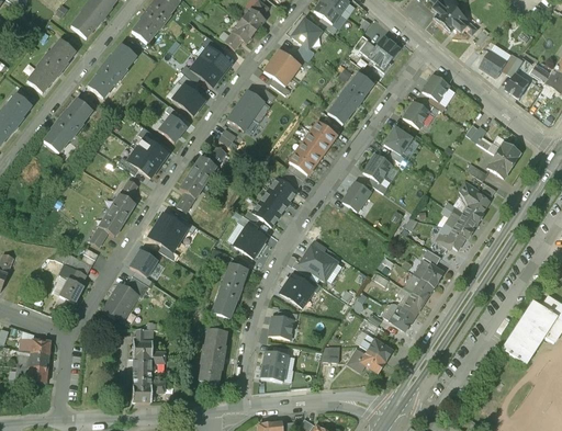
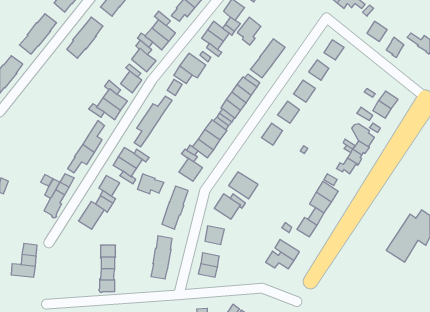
building: [368,36,398,72] -> [237,17,261,45]
building: [44,99,91,152] -> none
building: none -> [138,174,164,194]

